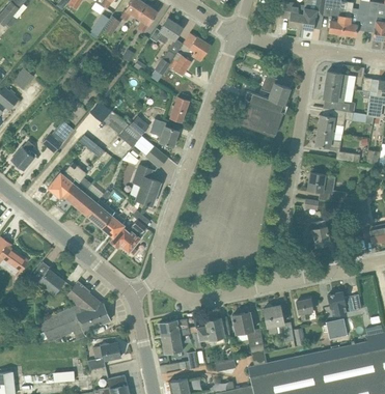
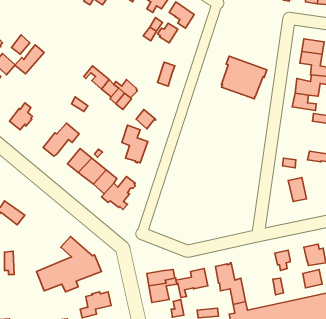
building: [260,75,291,104] -> none
building: [43,121,74,152] -> [15,45,44,74]
building: [147,121,178,146] -> none
building: [307,172,333,192] -> none
building: [62,176,91,205] -> none
building: [34,261,64,294] -> none
building: [264,305,294,341] -> none

